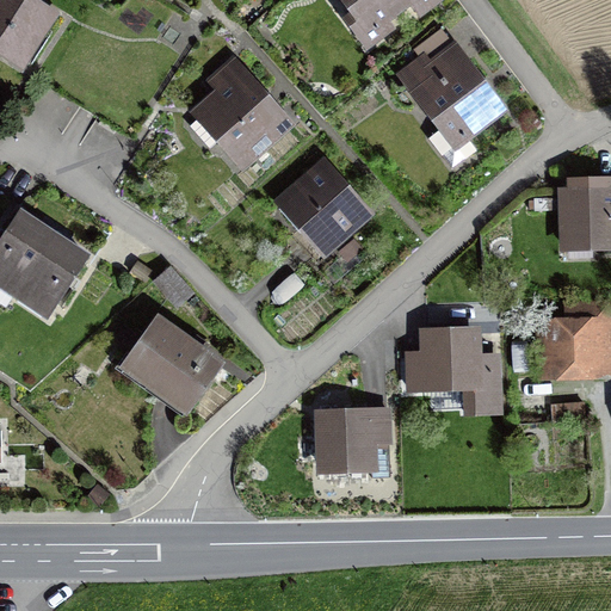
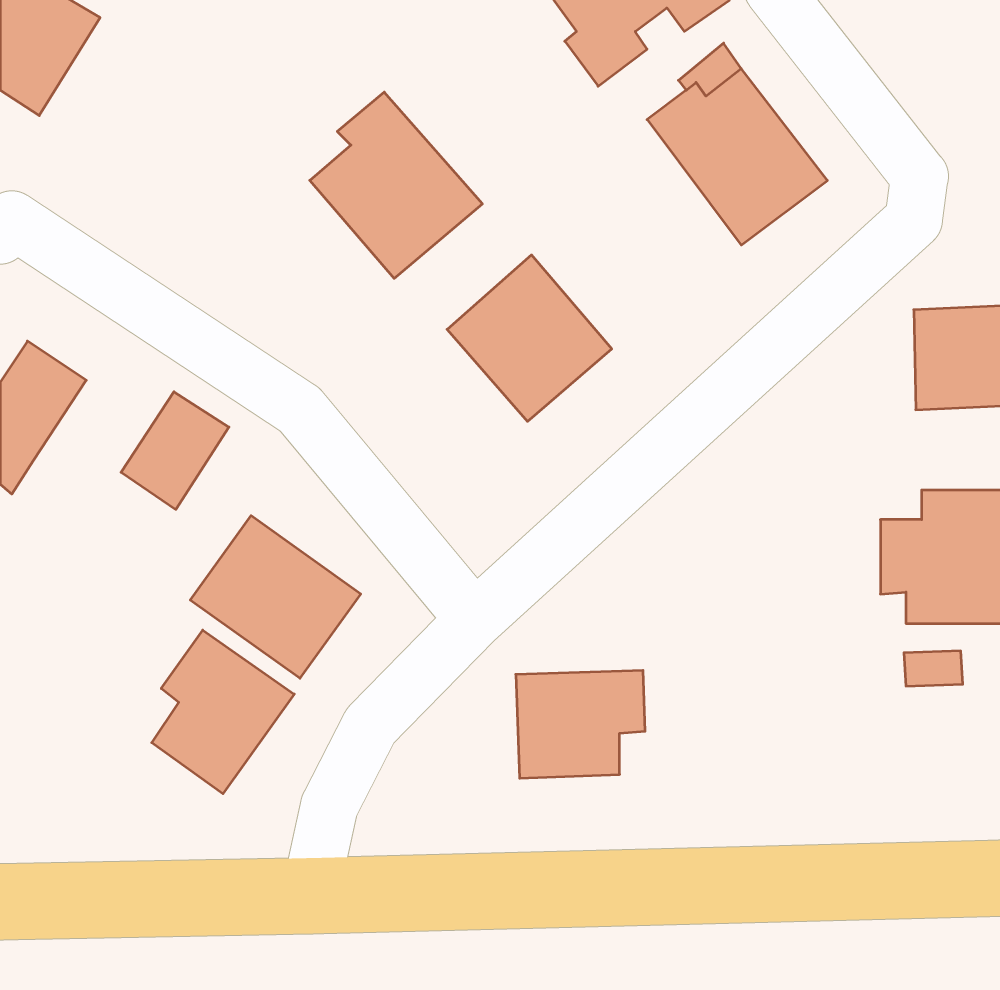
building: [21,232,87,303] -> [121,392,229,509]
building: [406,326,505,415] -> none
building: none -> [152,630,294,794]

